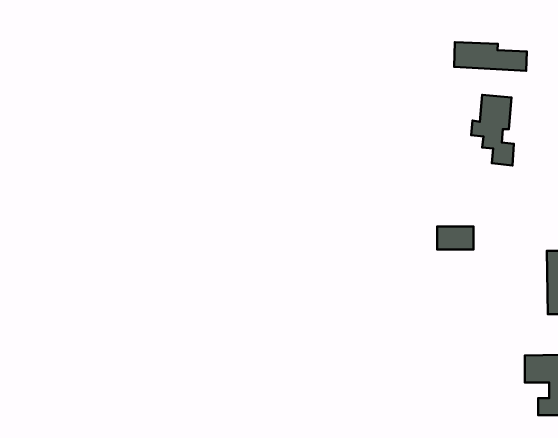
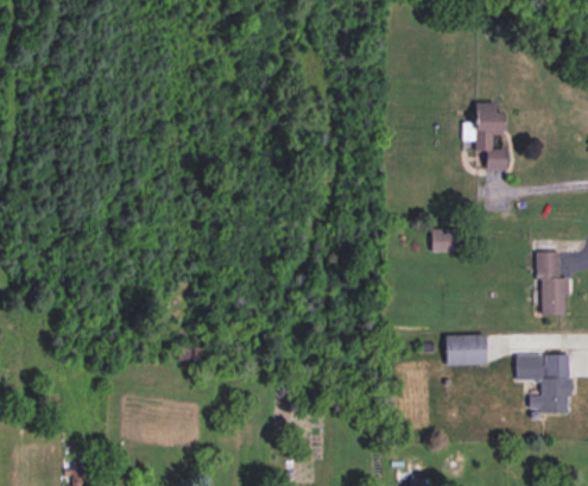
building: [454,42,527,71] -> none
building: none -> [448,335,487,365]

